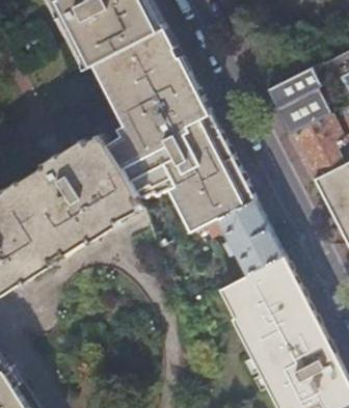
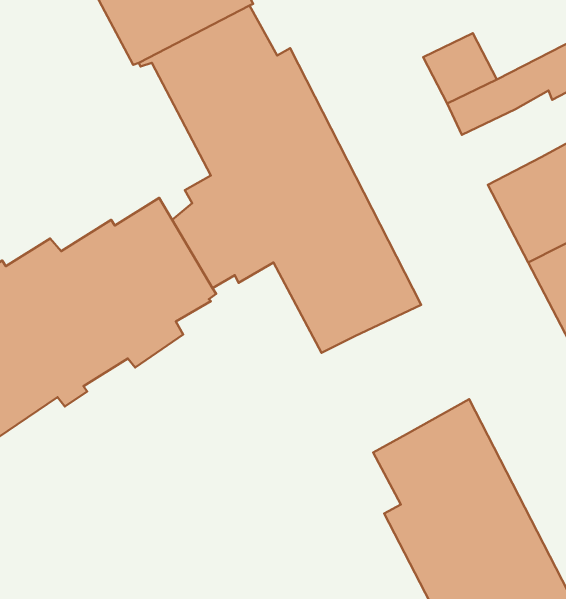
building: [276,93,321,136] -> none
building: [202,202,283,276] -> none

